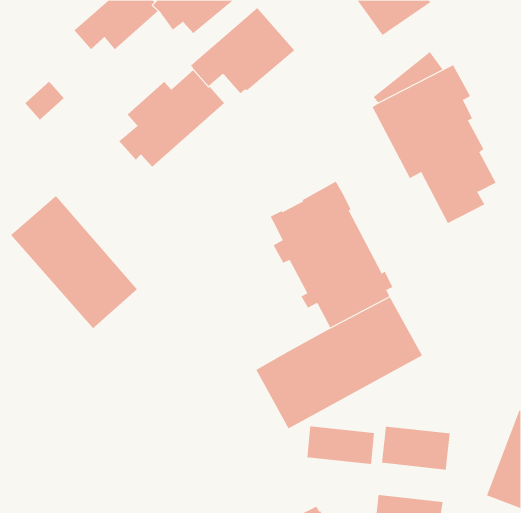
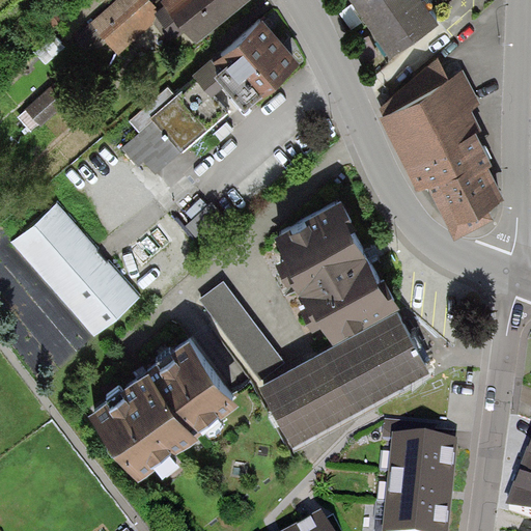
building: none -> [198,285,288,385]
building: none -> [88,333,240,475]
building: [306,426,375,465] -> [384,479,453,519]

